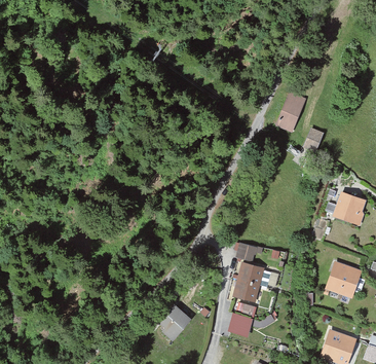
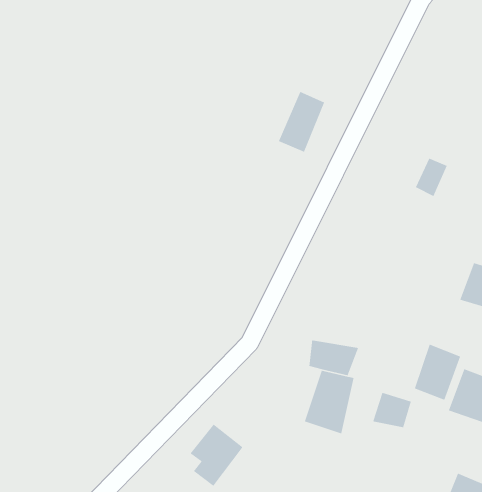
building: [275,89,306,130] -> [278,91,325,153]
building: none -> [414,343,461,401]
building: [227,313,253,336] -> [372,392,412,428]

